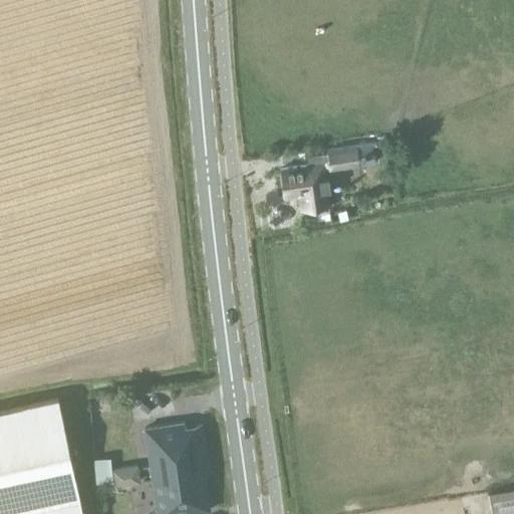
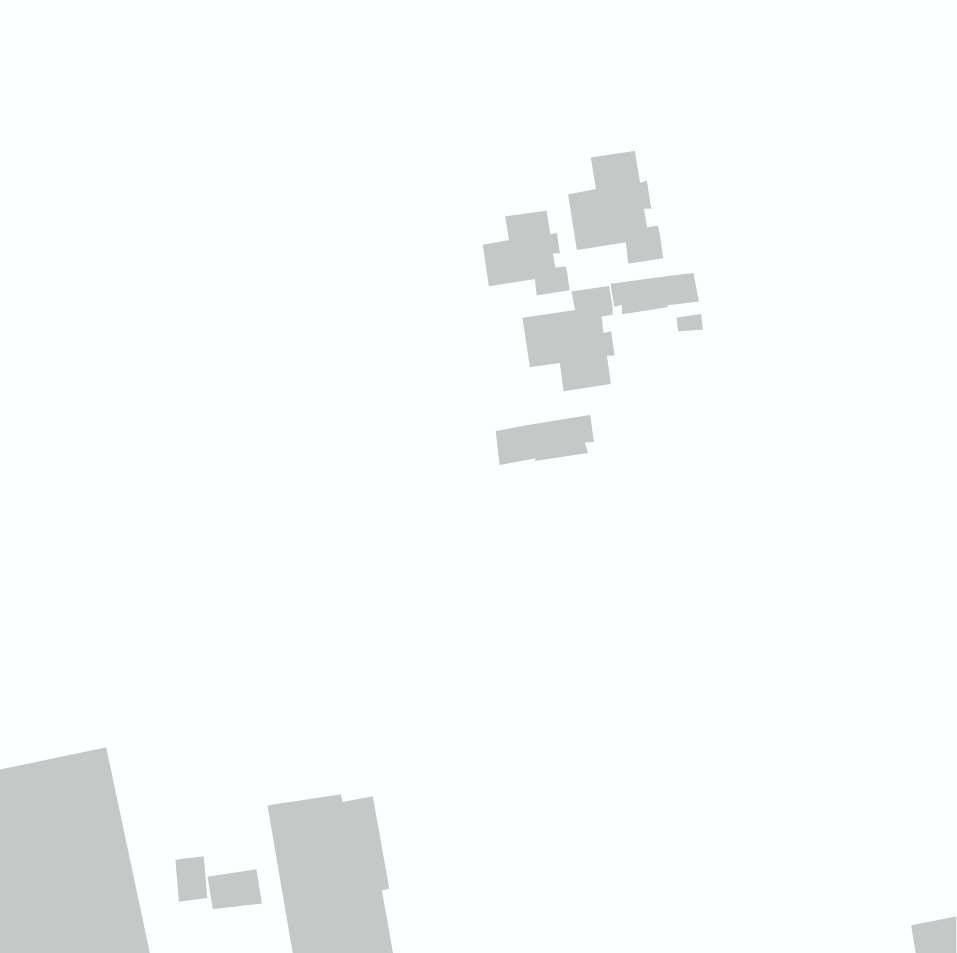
building: none -> [567,150,664,265]
building: none -> [482,210,570,296]
building: none -> [495,414,595,466]

